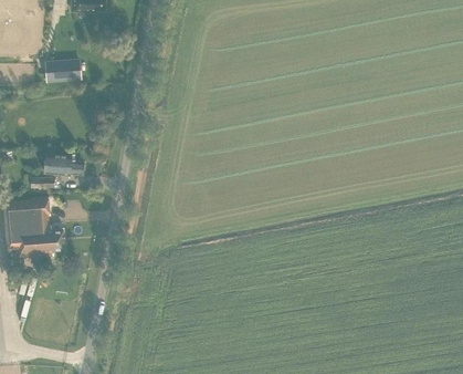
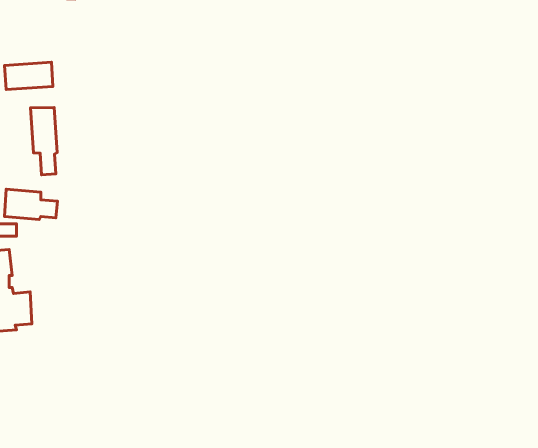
building: none -> [31,107,57,175]

